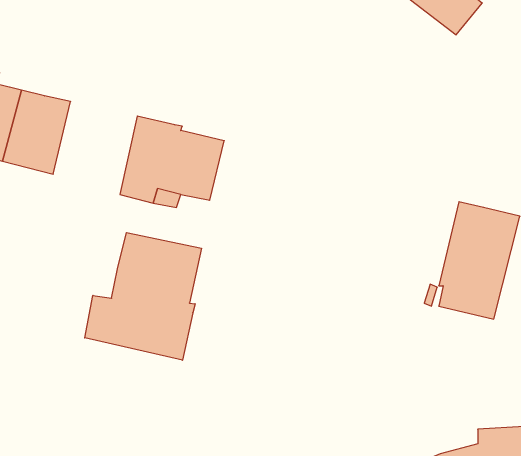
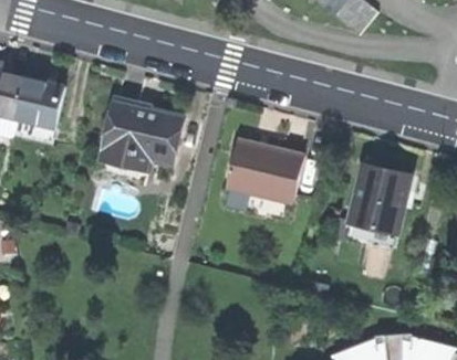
building: none -> [227,138,304,201]
building: [85,233,201,360] -> none

